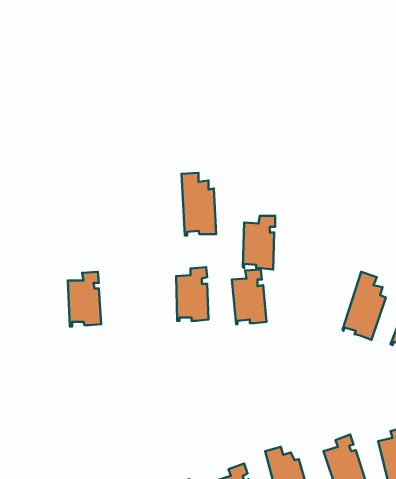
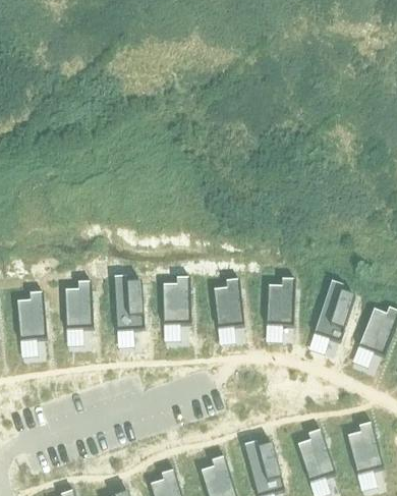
building: [182,173,216,235] -> [113,274,145,331]
building: [243,216,275,269] -> [266,278,295,327]
building: none -> [16,290,47,340]

